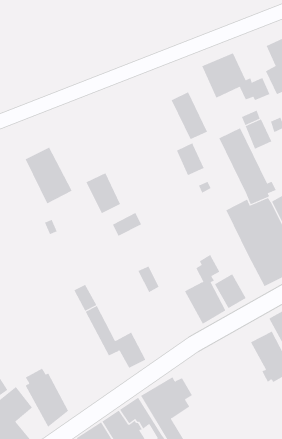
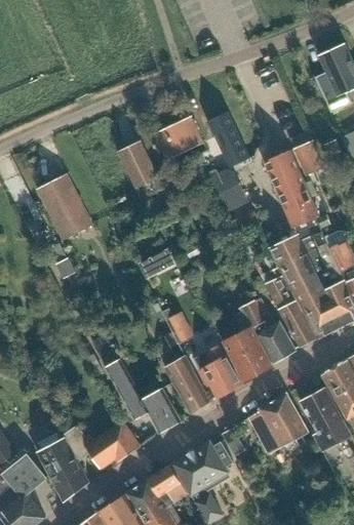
building: [201,53,270,101] -> none
building: none -> [155,118,203,161]
building: [86,172,121,214] -> [117,142,158,190]
building: none -> [266,269,316,347]
building: none -> [163,331,210,413]
building: none -> [195,345,241,396]
building: none -> [247,394,308,453]
building: none -> [64,421,140,469]

